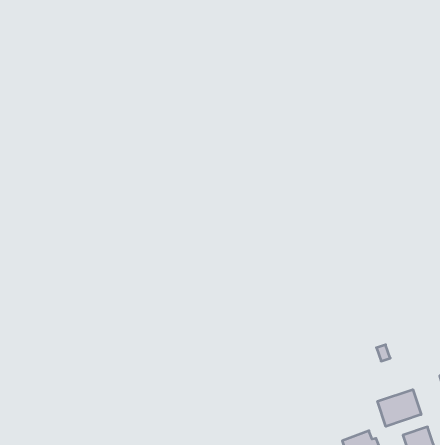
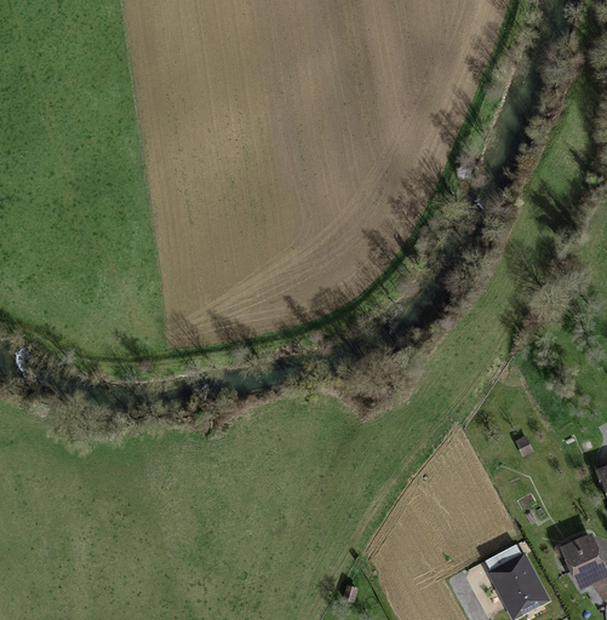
building: [378,390,421,426] -> none

